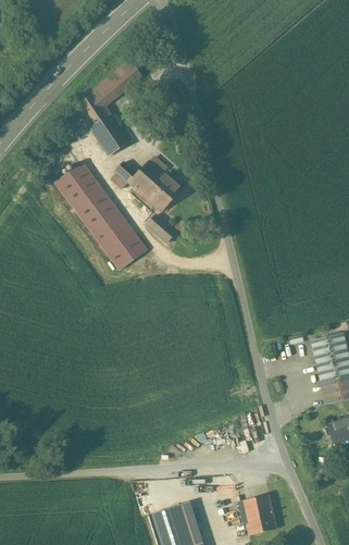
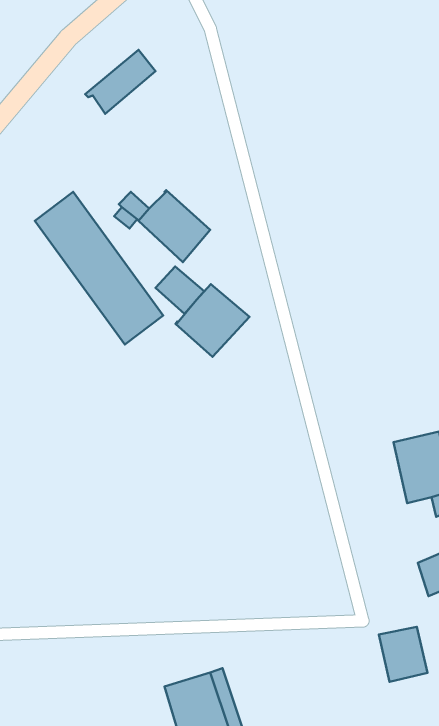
building: [76,94,129,156] -> none
building: none -> [175,284,249,357]
building: [241,496,276,535] -> [379,627,427,682]

